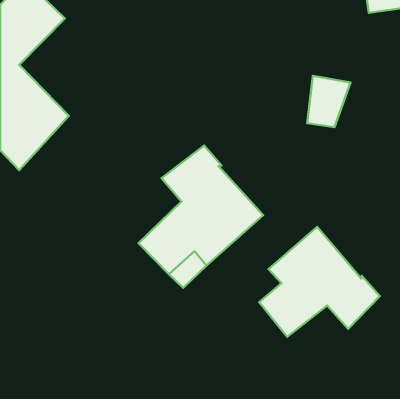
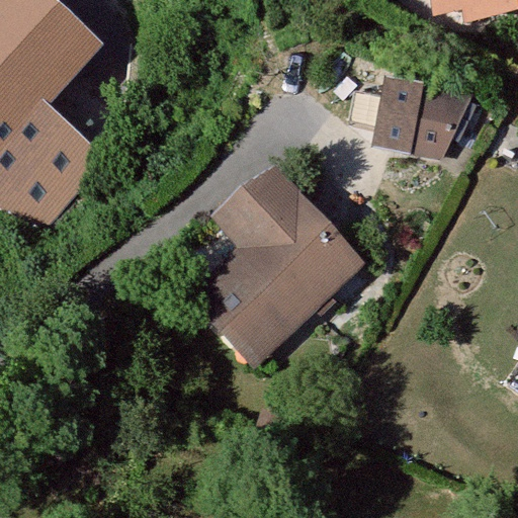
building: [259,227,380,337] -> none

